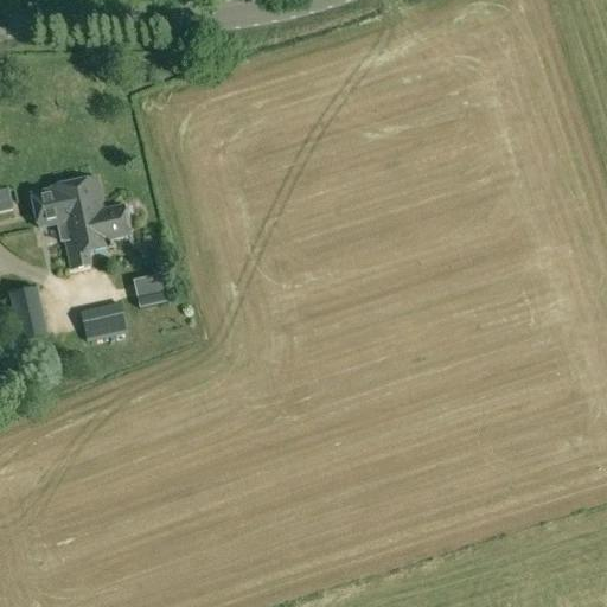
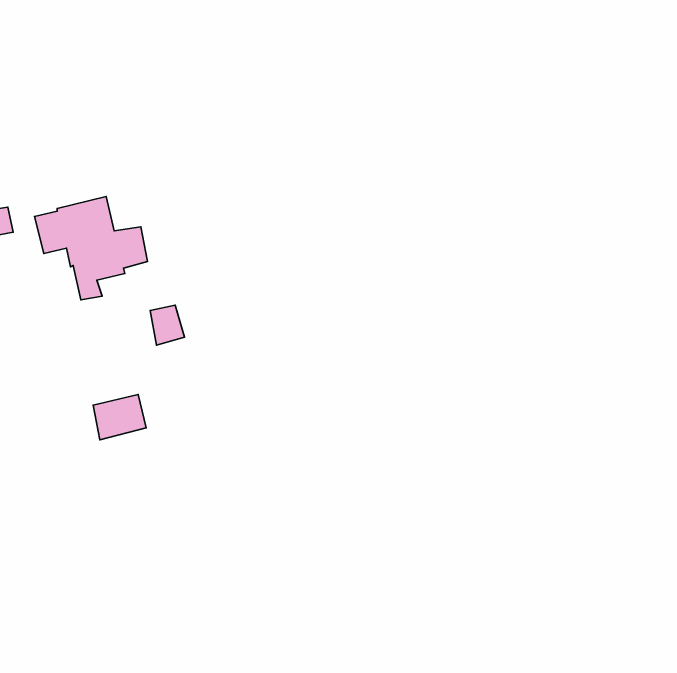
building: [7,285,47,338] -> none
building: [79,300,127,340] -> [93,395,146,440]

